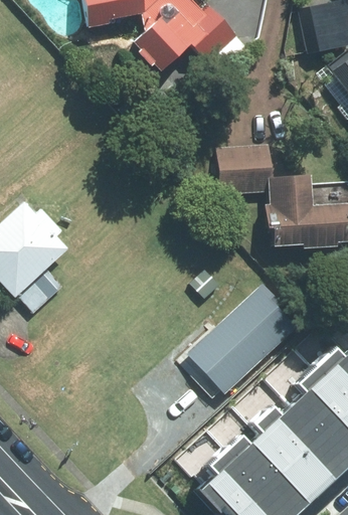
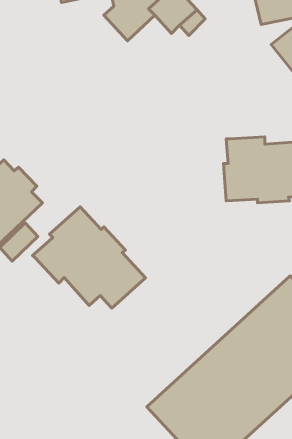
building: [217,144,275,197] -> none
building: none -> [33,207,145,308]
building: [178,285,300,397] -> none

